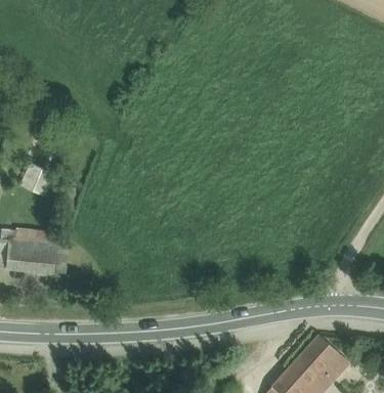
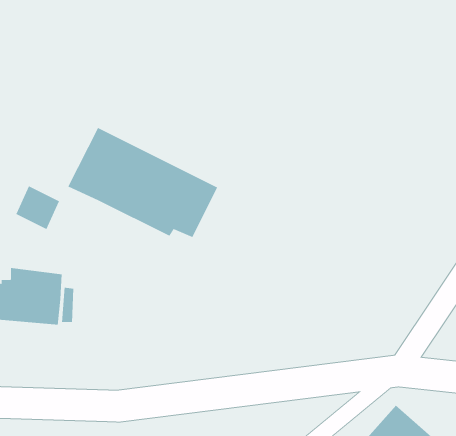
building: none -> [68,127,218,238]

